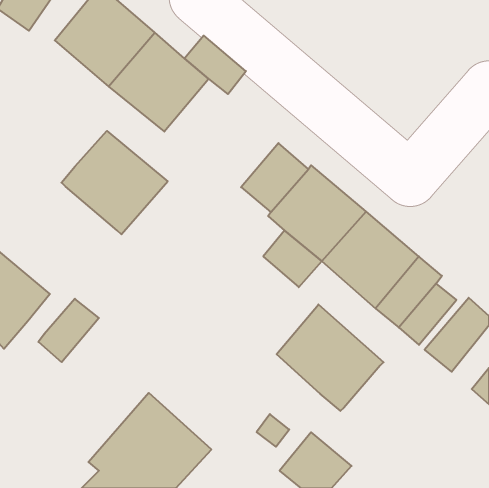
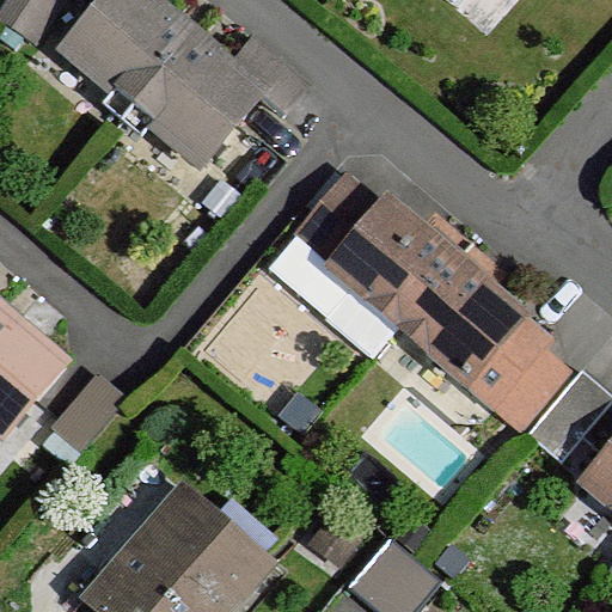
building: [61,131,168,234] -> none
building: [277,304,384,411] -> none

